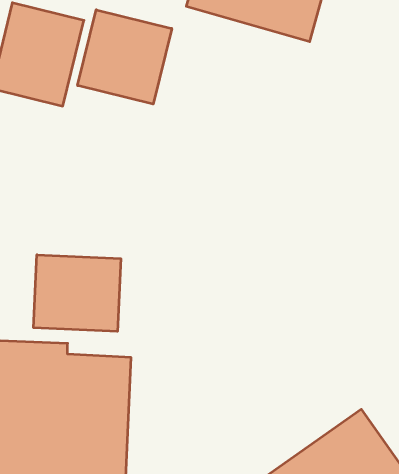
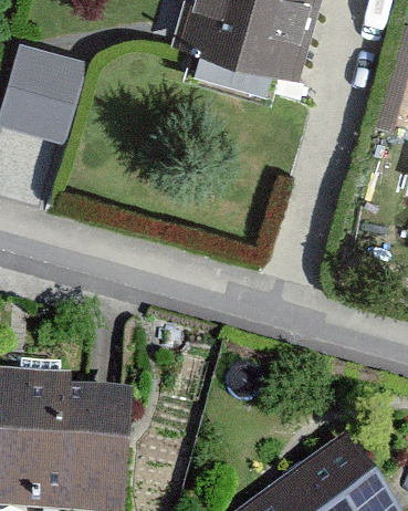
building: [78,10,172,104] -> none
building: [34,255,121,331] -> none

